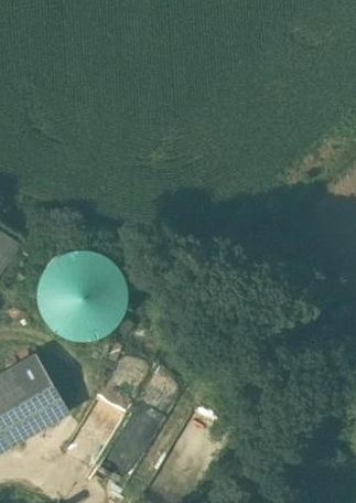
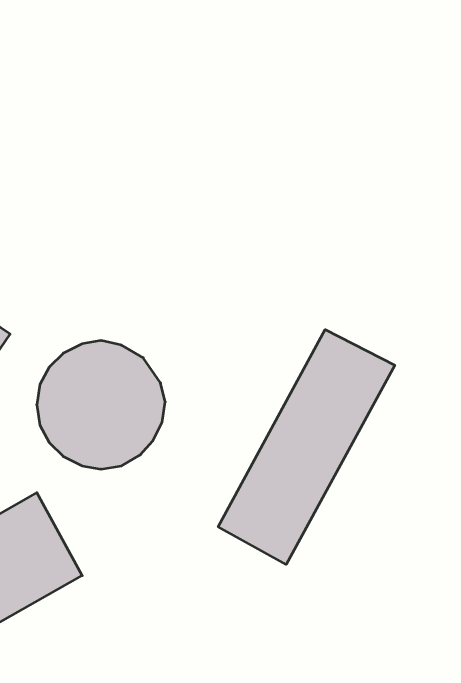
building: none -> [218,330,395,564]

